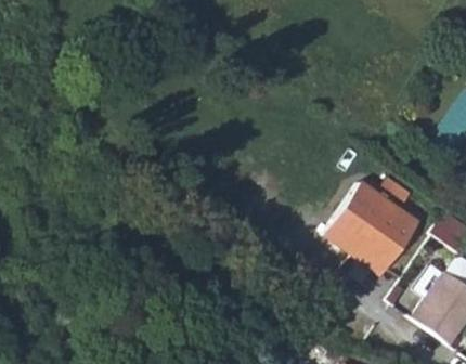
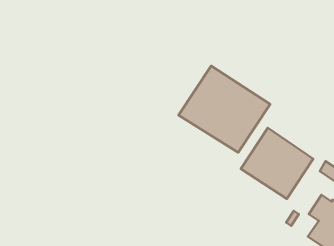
building: none -> [179,66,270,152]

